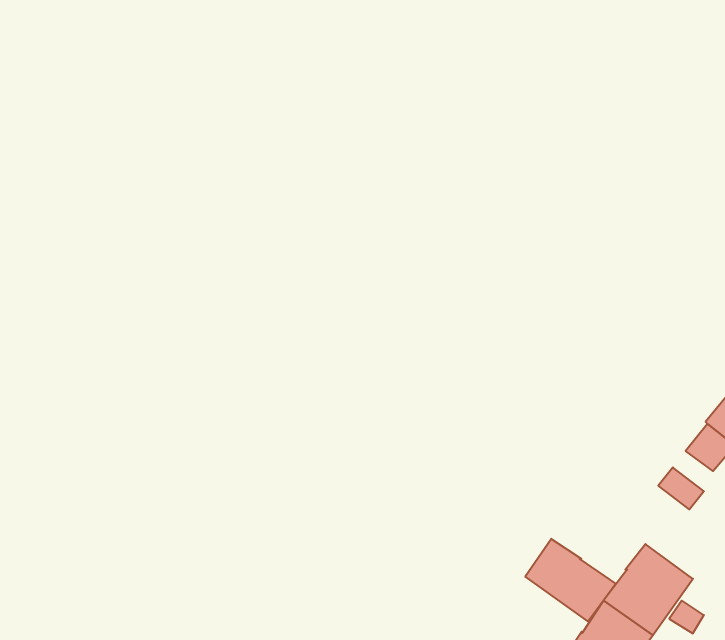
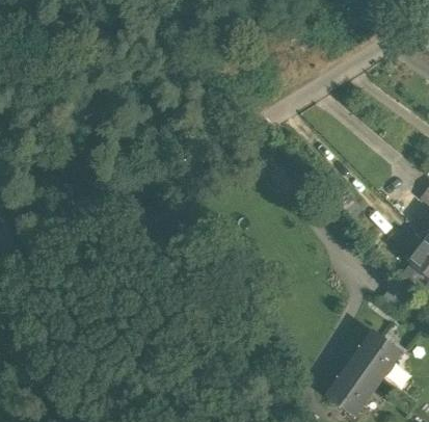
building: [525,539,616,622] -> none

